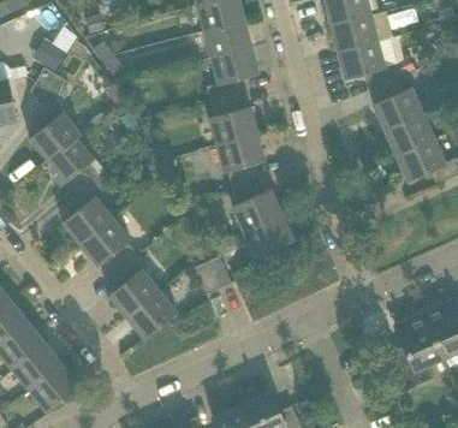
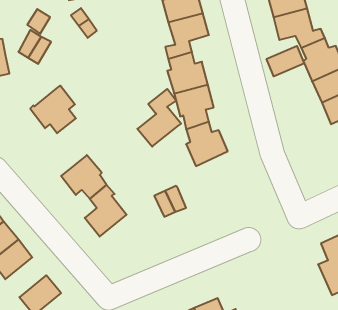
building: none -> [267,46,304,76]
building: [30,114,79,161] -> none
building: [63,176,115,245] -> [137,89,181,147]
building: [244,215,295,260] -> none
building: [127,292,178,340] -> none
building: [13,344,63,392] -> none

